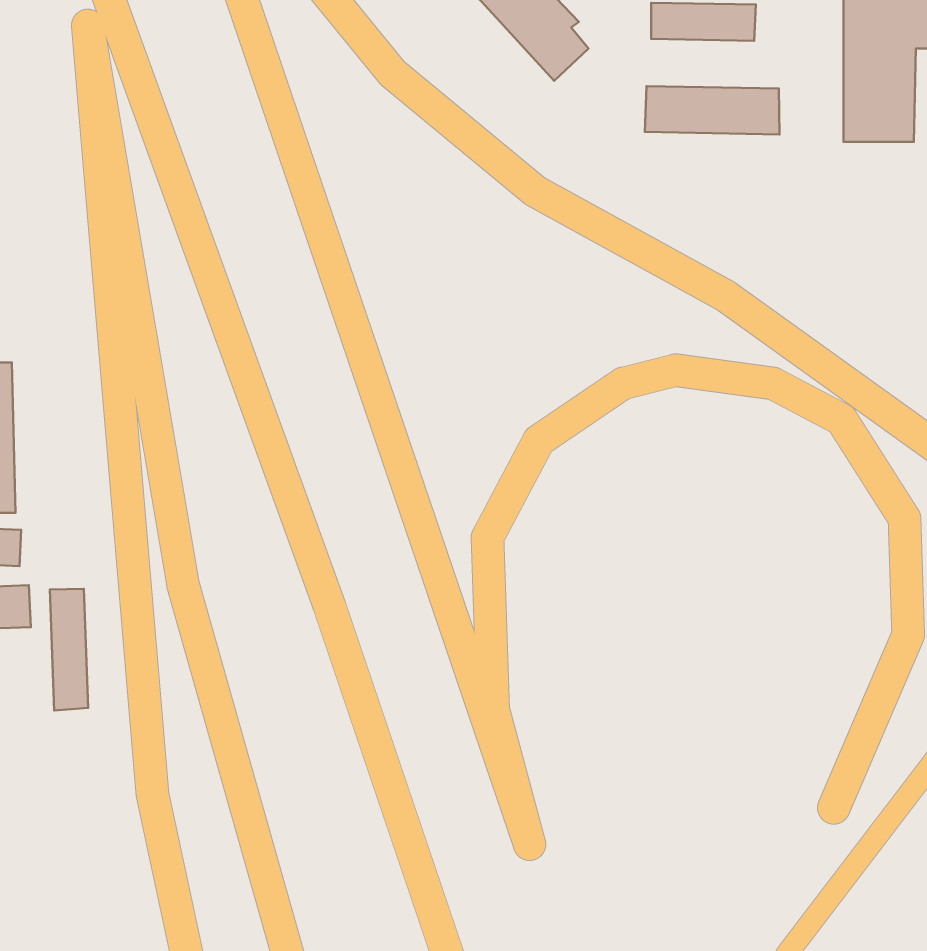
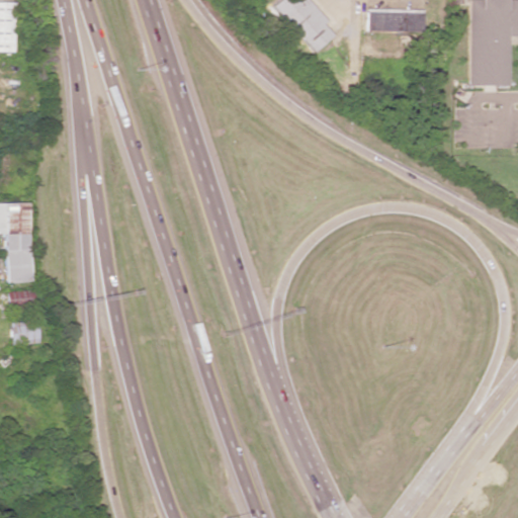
building: [645,86,780,134] -> none
building: [50,589,88,711] -> none

